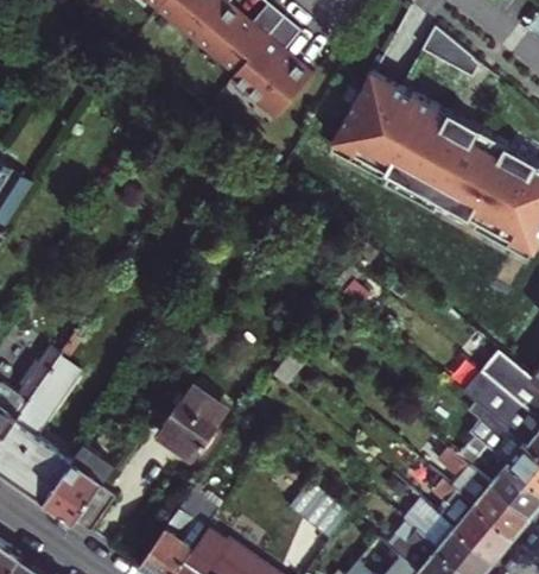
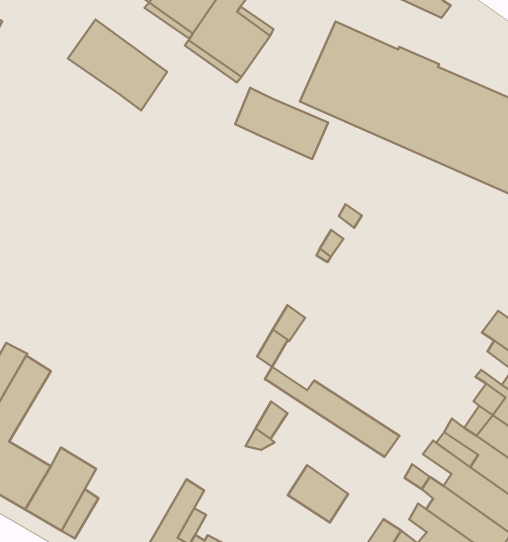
building: none -> [68,19,167,111]
building: none -> [235,88,328,159]
building: [159,386,229,460] -> none
building: none -> [265,367,399,457]

